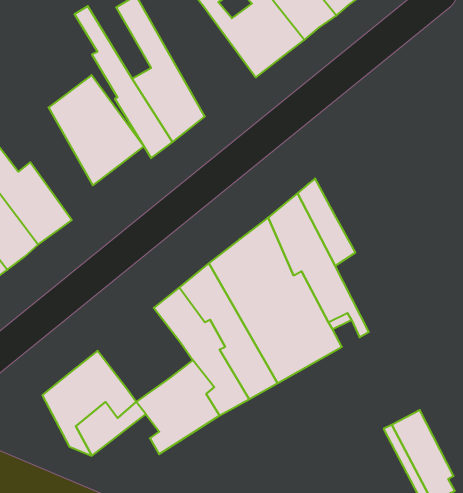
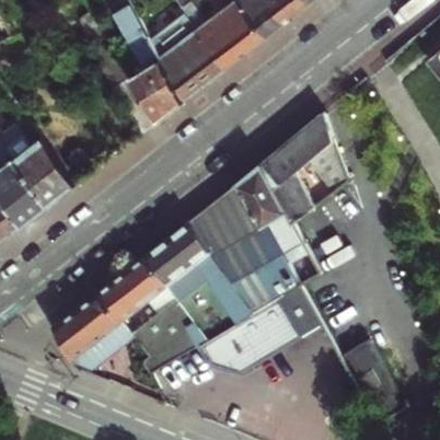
building: [48,75,144,185] -> [151,9,229,99]
building: none -> [277,109,348,193]
building: none -> [100,254,177,319]
building: none -> [199,286,319,370]

